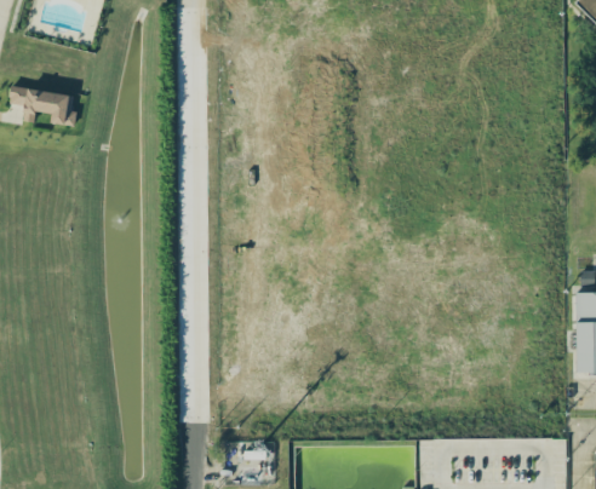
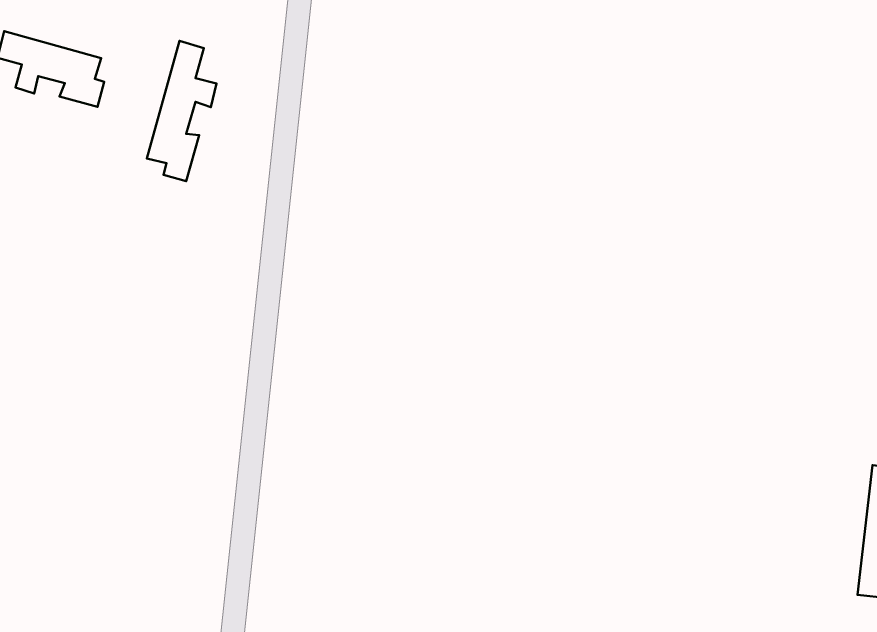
building: none -> [147,41,217,181]

